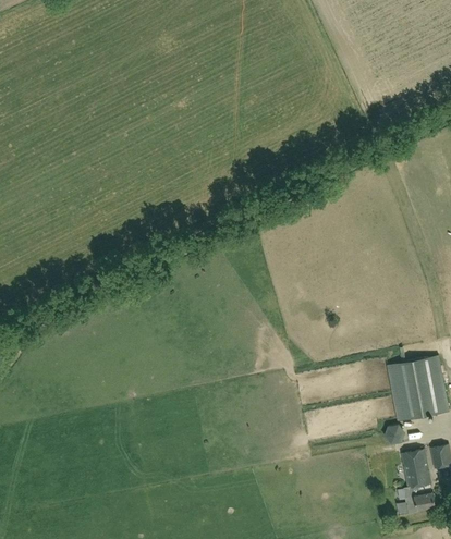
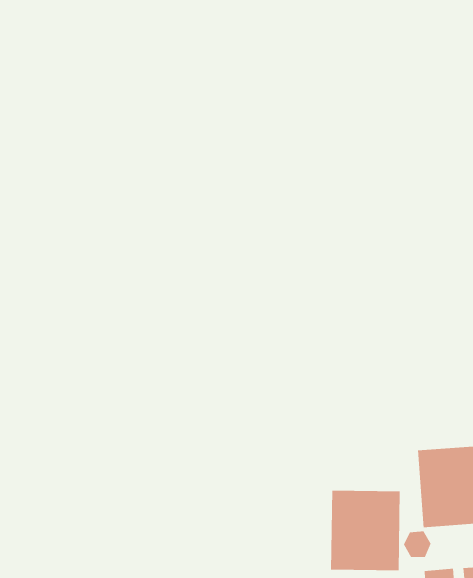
building: none -> [330,490,400,571]

